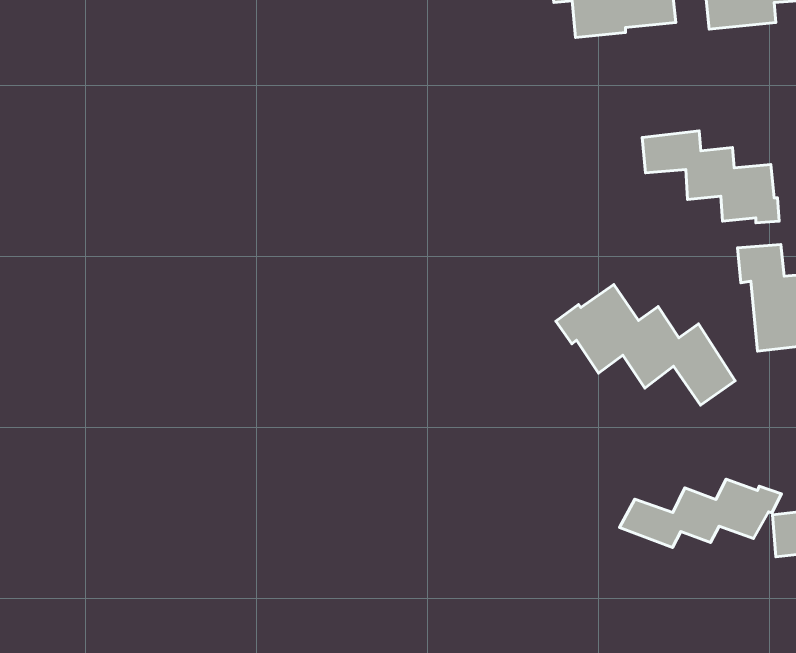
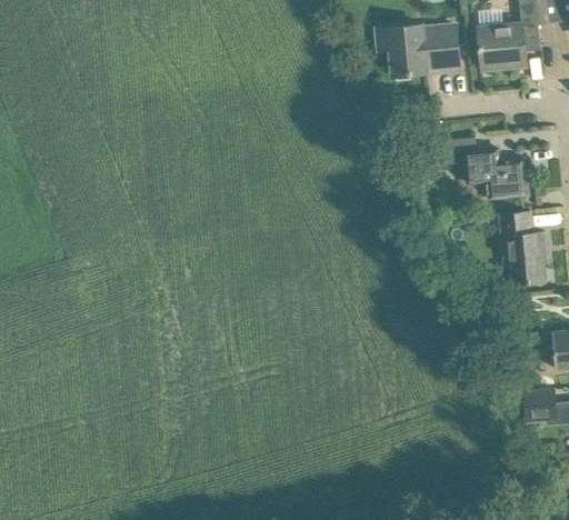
building: [556,284,735,405] -> none
building: [620,479,781,548] -> none

